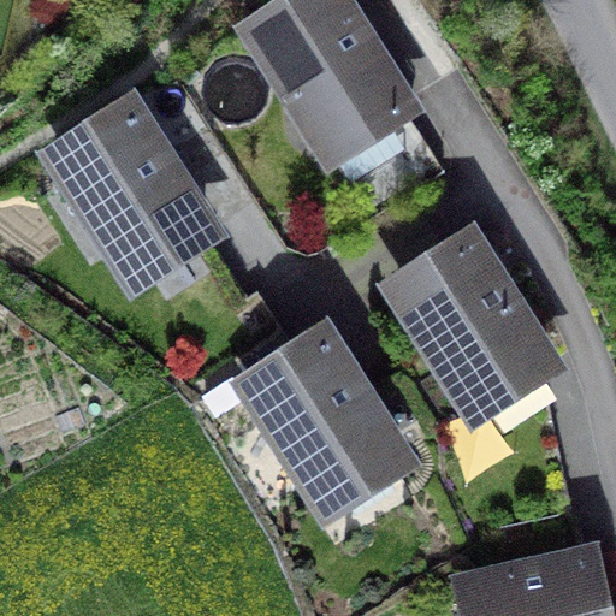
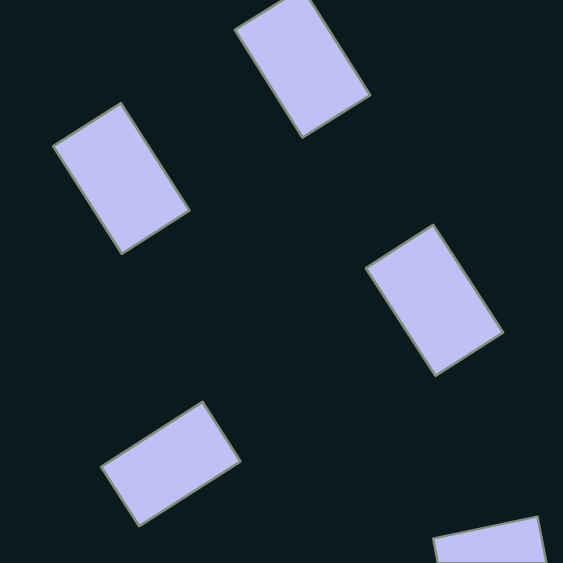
building: [254,340,401,504] -> none
building: none -> [101,402,240,526]

